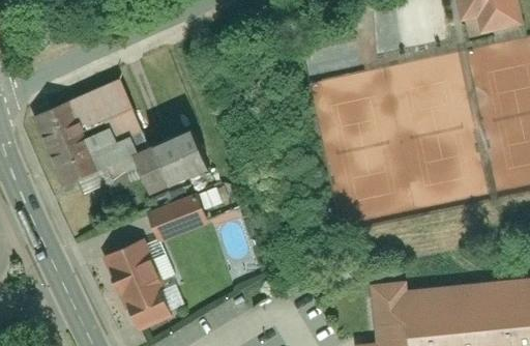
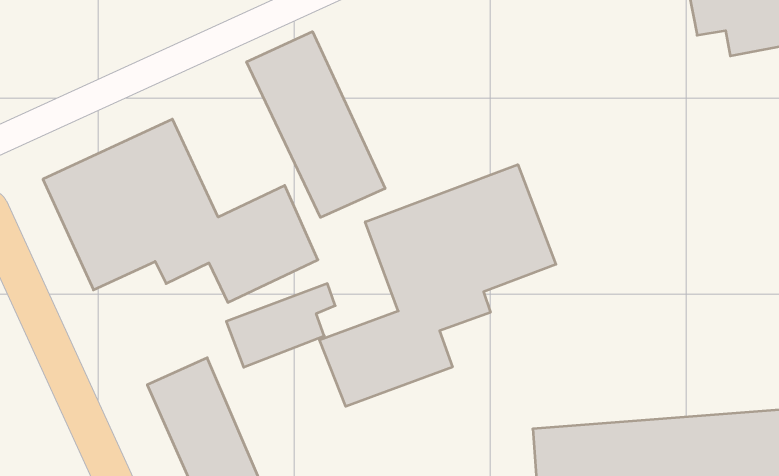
building: none -> [247,32,385,217]
building: none -> [319,165,556,406]

